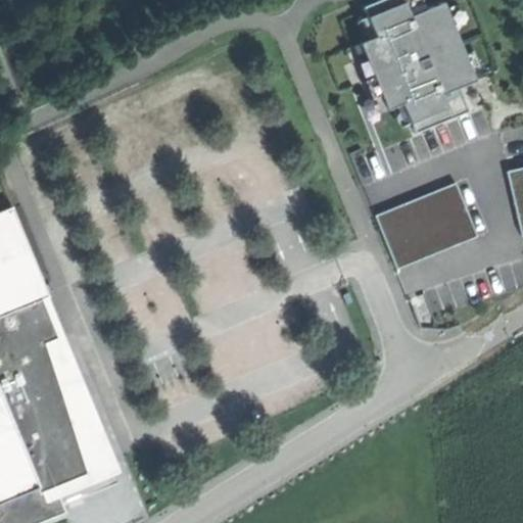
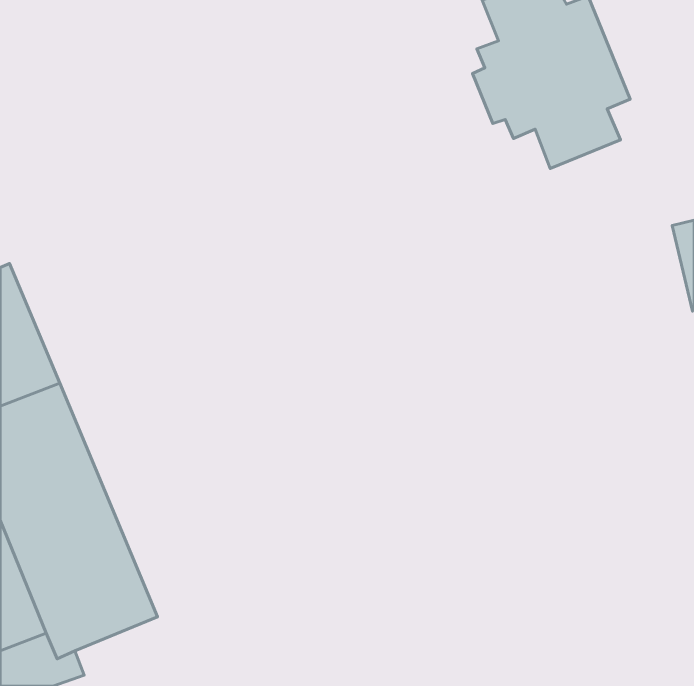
building: [375,182,477,268] -> none

